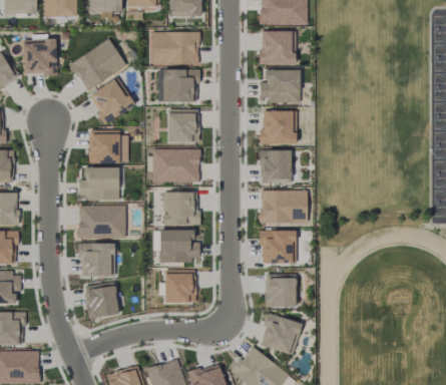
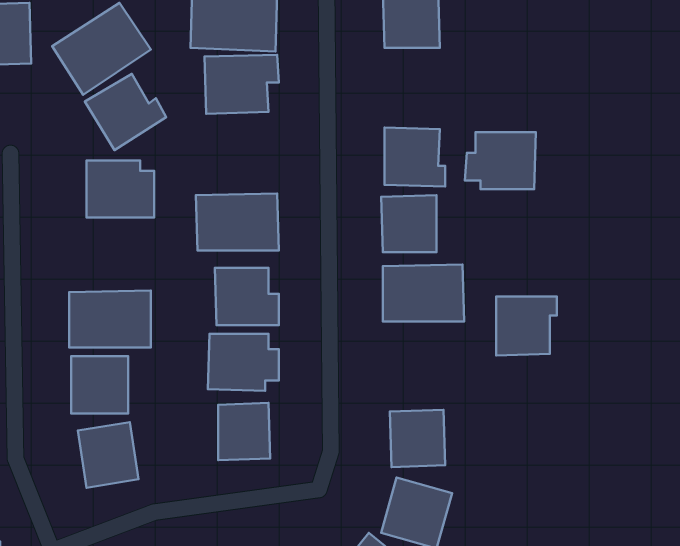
building: [259,69,300,102] -> [465,132,536,189]
building: [166,110,197,142] -> none
building: [78,167,118,201] -> none
building: [261,230,296,264] -> [496,297,557,355]

